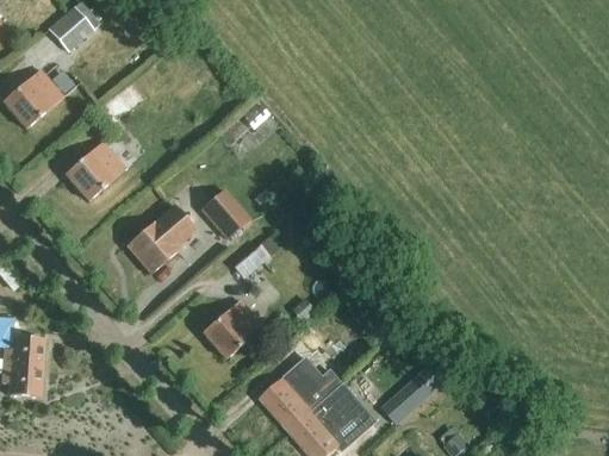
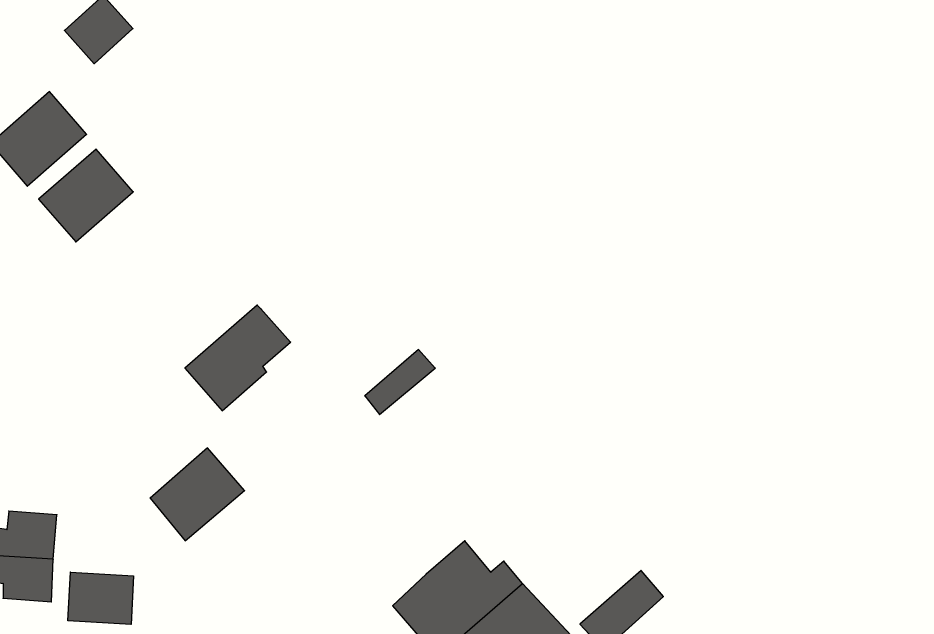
building: [64,140,125,200] -> [39,149,133,242]
building: [201,188,250,238] -> none
building: [203,299,263,358] -> [150,448,245,541]
building: none -> [68,572,133,624]

